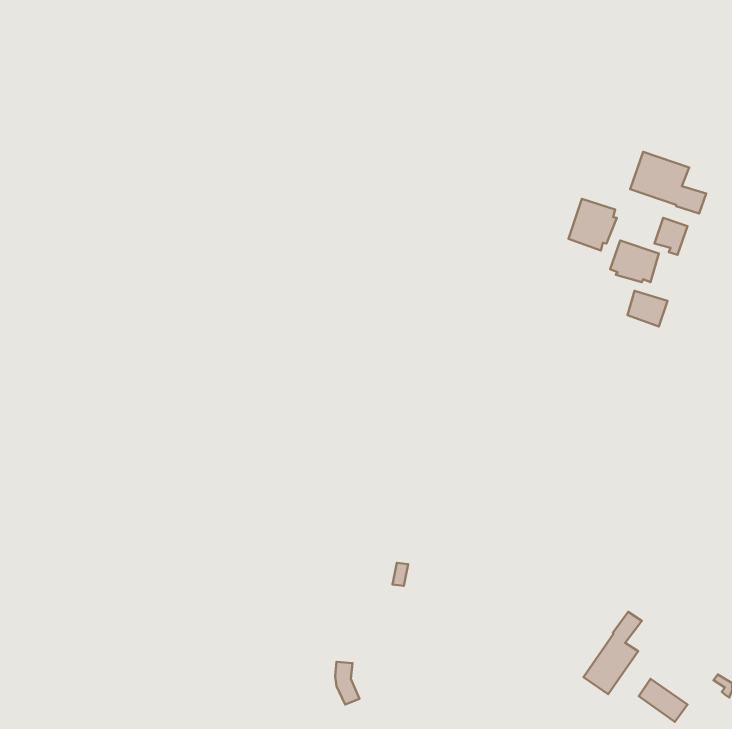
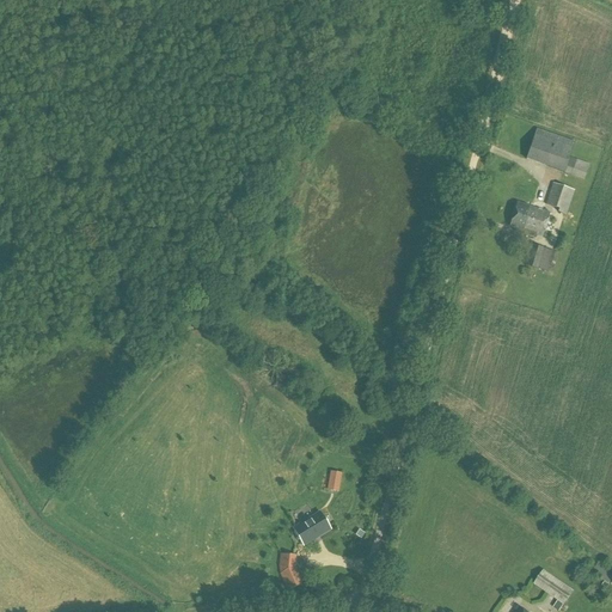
building: [569,199,617,251] -> none
building: none -> [293,510,330,544]
building: [583,612,642,694] -> none

